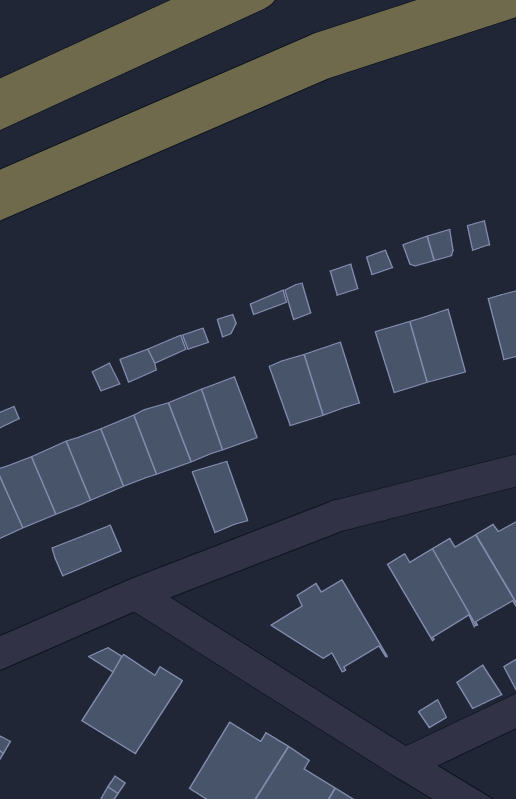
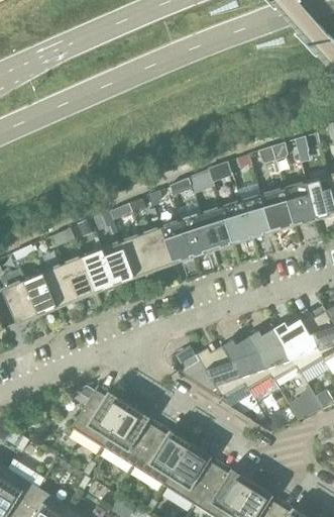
building: none -> [285,182,317,224]
building: none -> [222,201,253,242]
building: [192,461,248,533] -> [160,221,193,263]
building: [52,525,121,576] -> none
building: none -> [223,336,275,390]
building: none -> [103,404,157,467]

